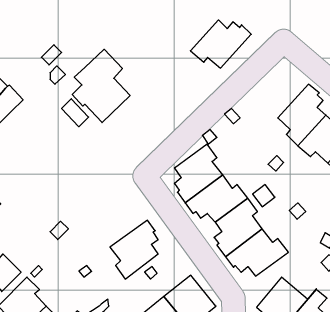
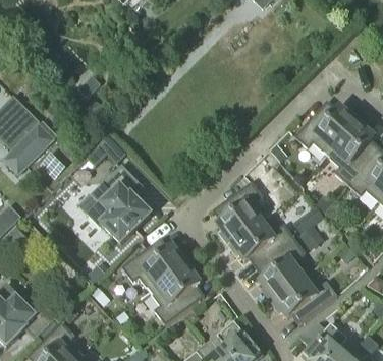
building: [190,20,251,68] -> [294,105,359,156]
building: [72,49,130,123] -> [89,167,150,244]
building: none -> [122,242,188,292]

